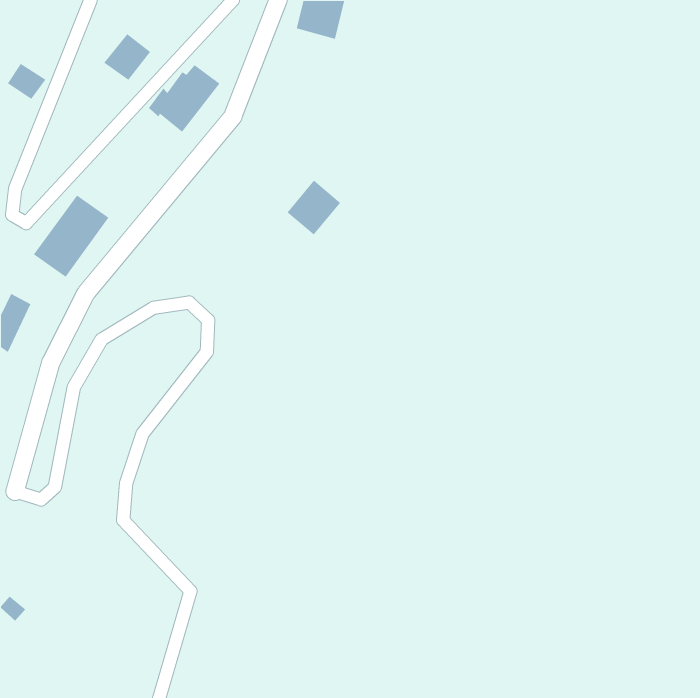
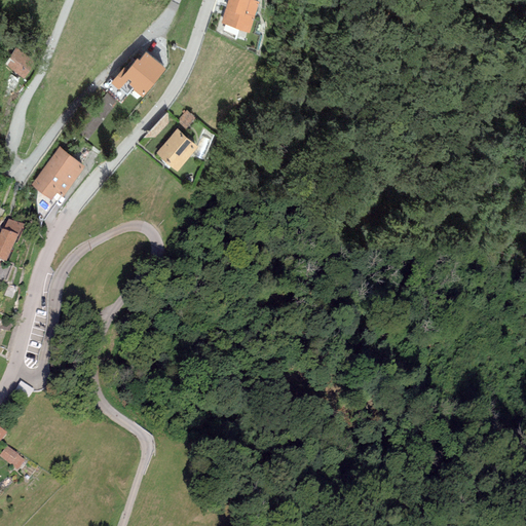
building: [103,33,151,81] -> none
building: [286,180,341,236] -> [156,127,197,170]

